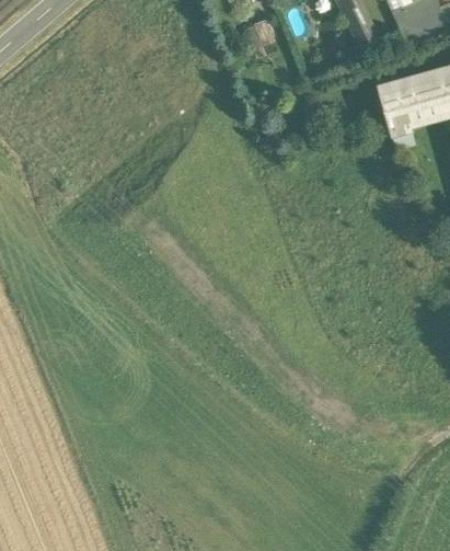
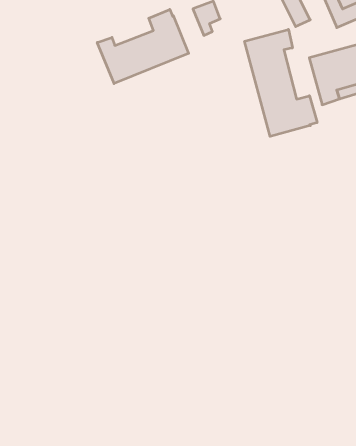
building: none -> [97,9,189,84]
building: none -> [245,29,317,136]

